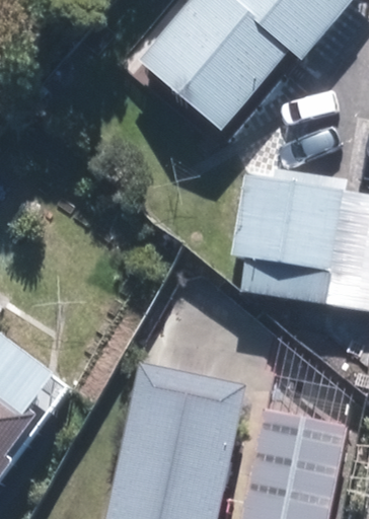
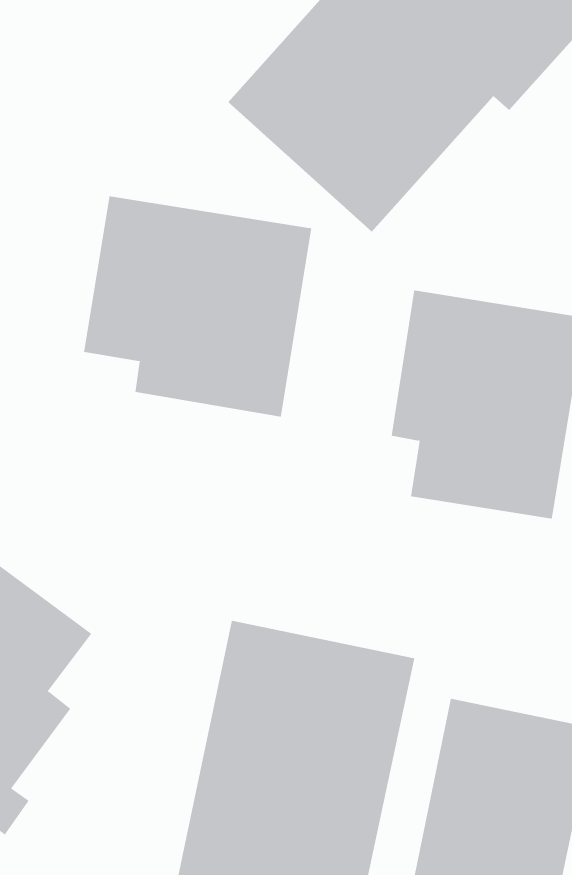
building: none -> [83,196,312,417]

